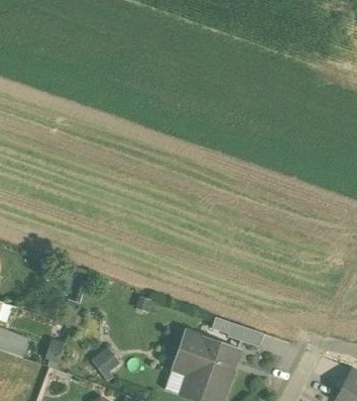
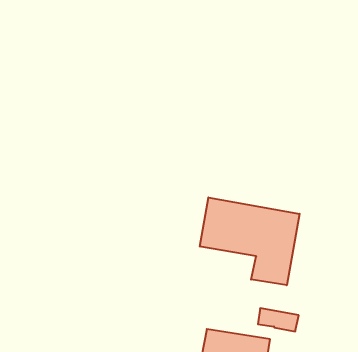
building: none -> [200,197,300,285]

